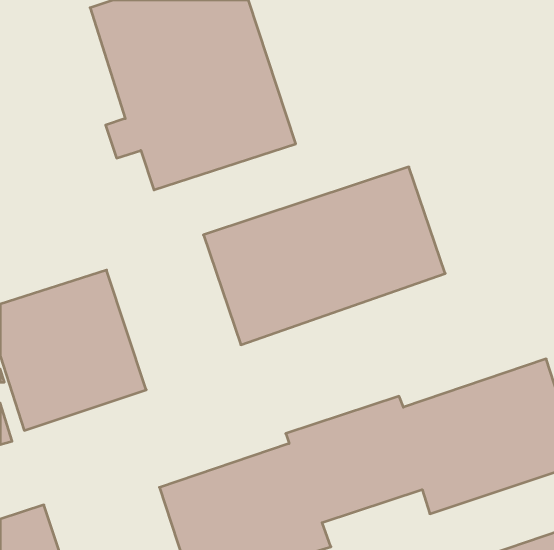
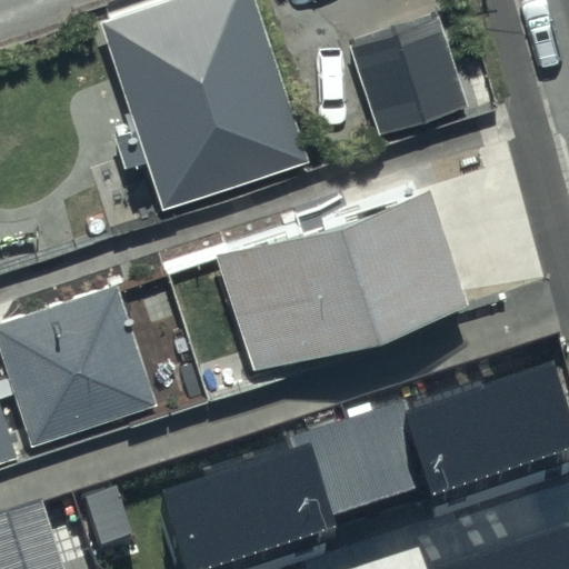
building: none -> [348,17,470,138]

